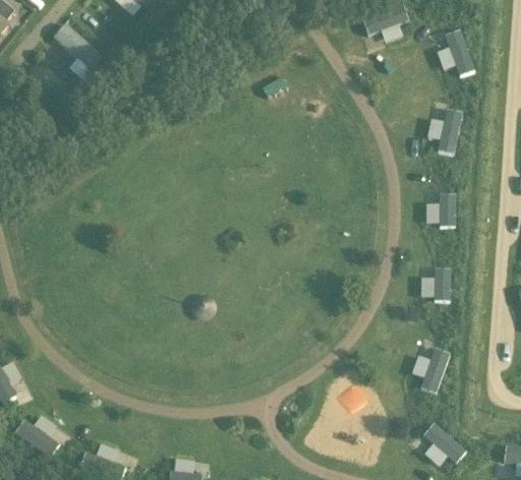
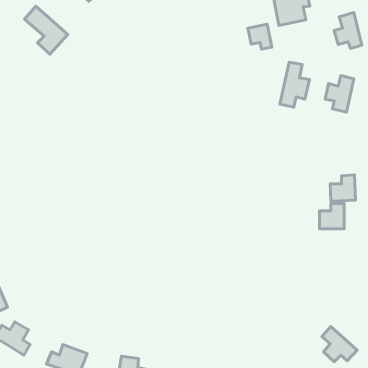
building: none -> [248,24,272,49]
building: none -> [280,62,309,107]
building: [424,192,456,225] -> [330,175,355,201]
building: [411,348,449,393] -> none

